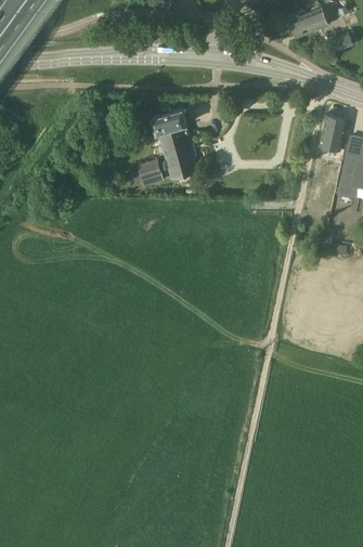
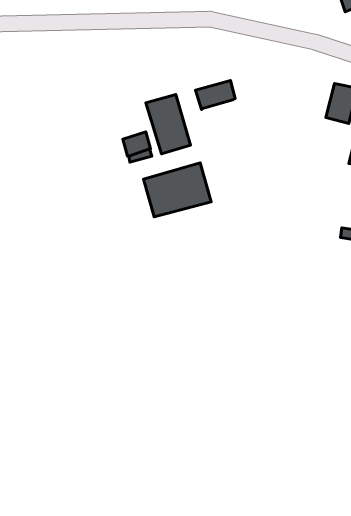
building: [151,107,186,133] -> [195,80,235,110]
building: none -> [144,163,211,217]

